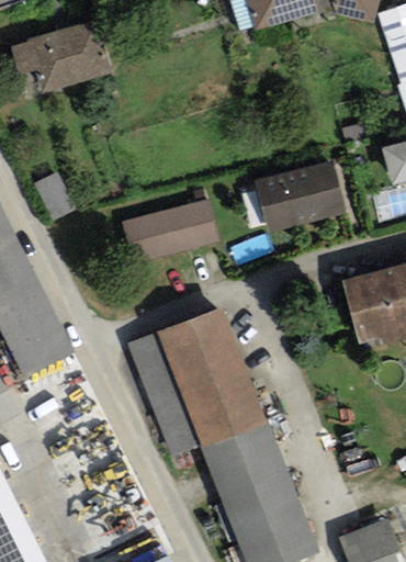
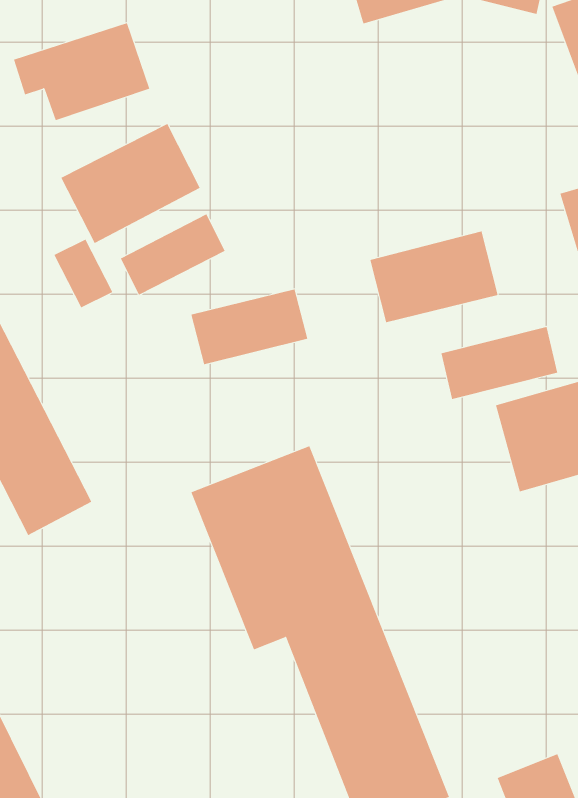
building: none -> [60,123,201,244]
building: none -> [120,213,225,296]
building: none -> [441,326,558,400]

